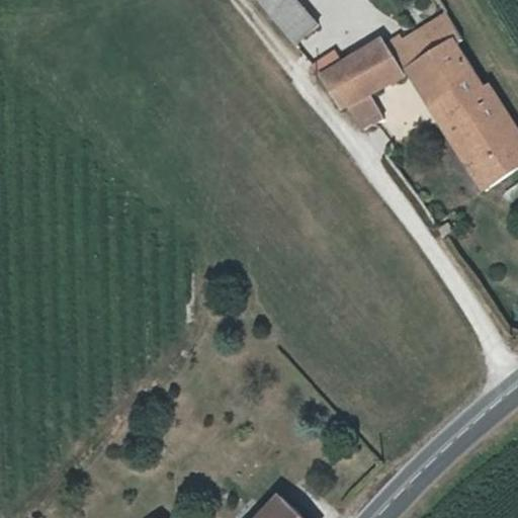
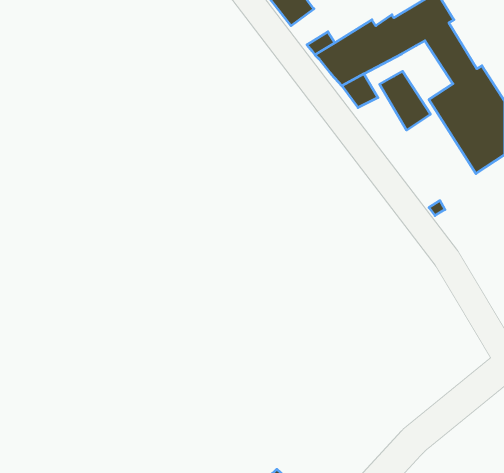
building: [408,60,459,119] -> [380,71,430,130]

